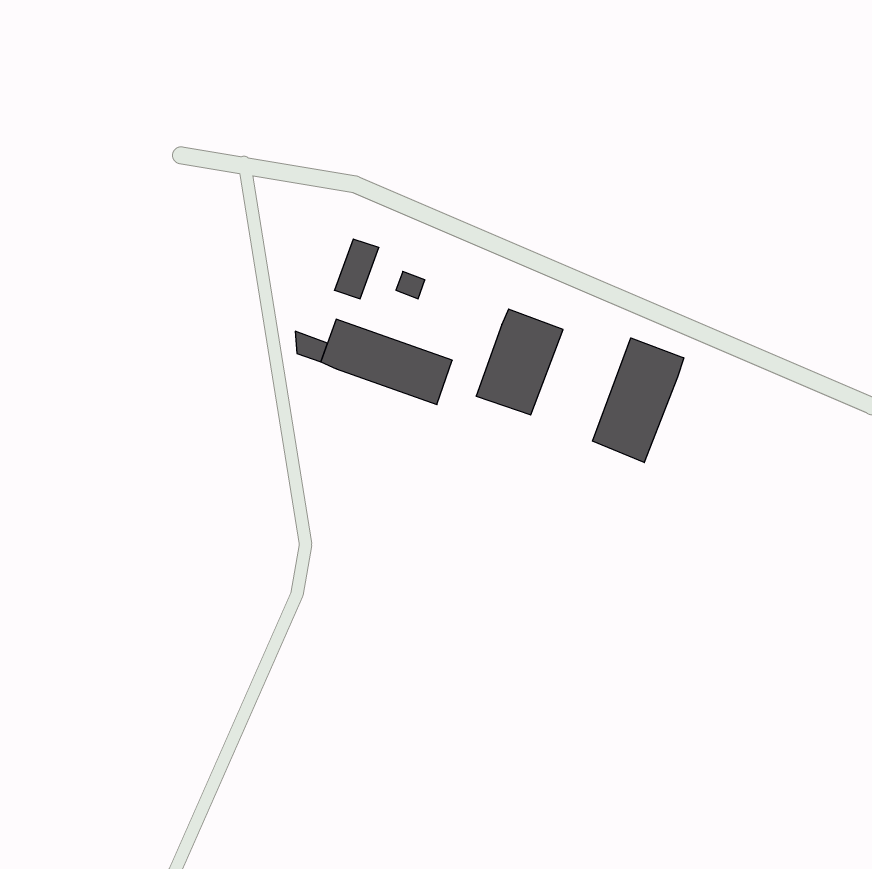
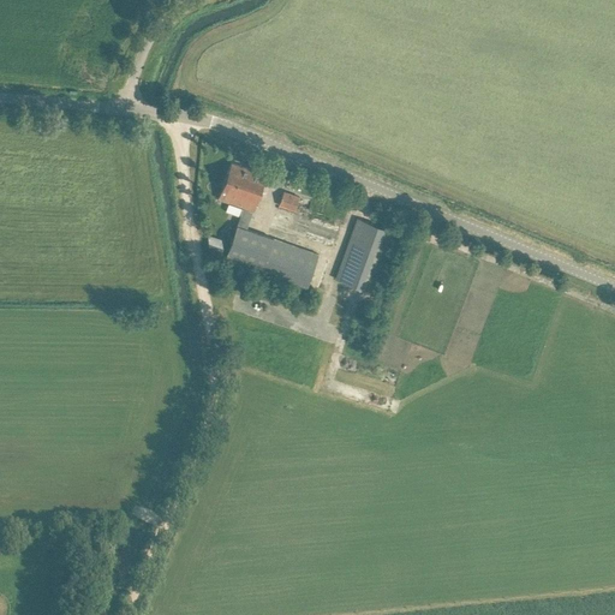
building: none -> [217,163,249,207]
building: [592,338,684,463] -> none

